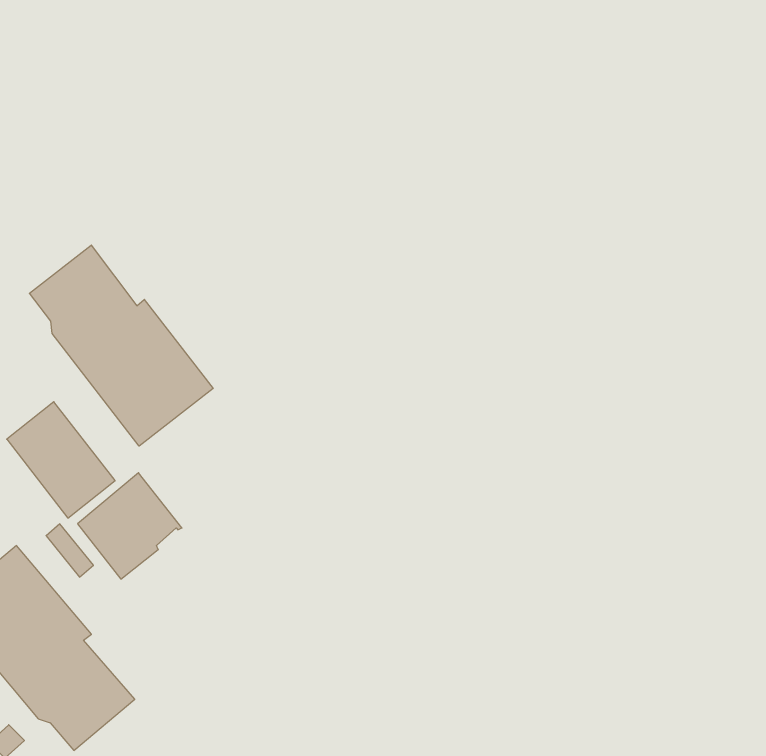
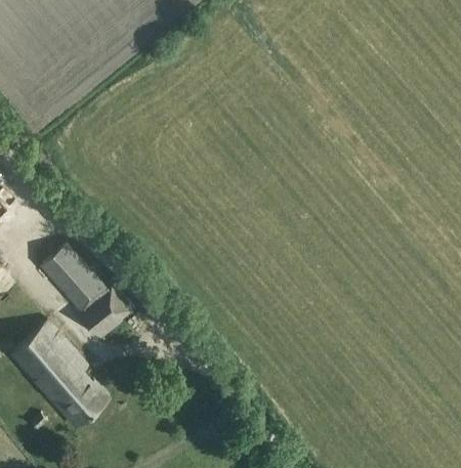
building: [29,245,213,446] -> none

